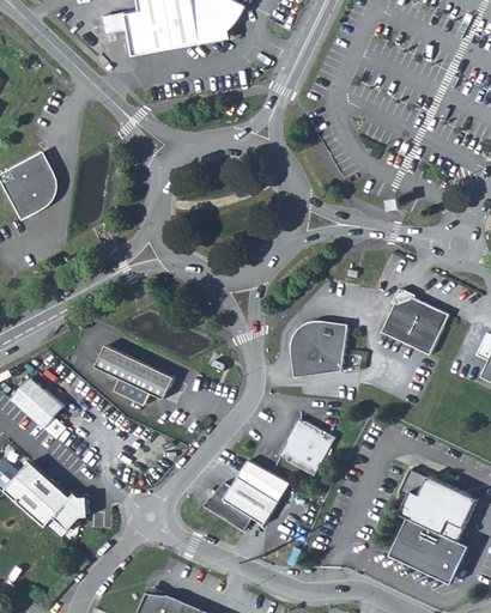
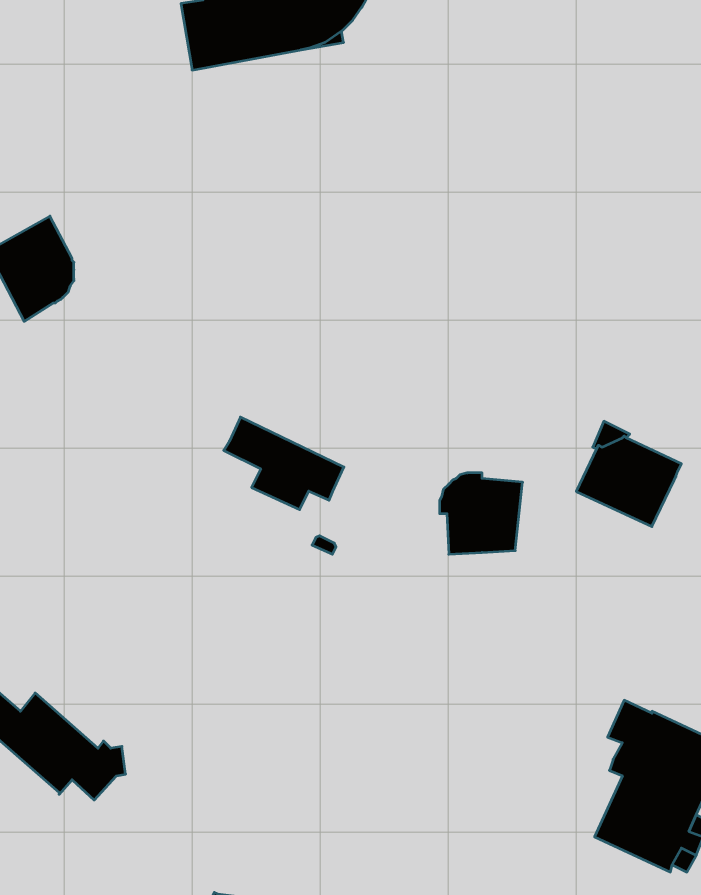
building: [93,345,171,405] -> [224,417,344,510]
building: [10,377,63,429] -> none
building: [280,419,334,474] -> none
building: [202,462,287,530] -> none

